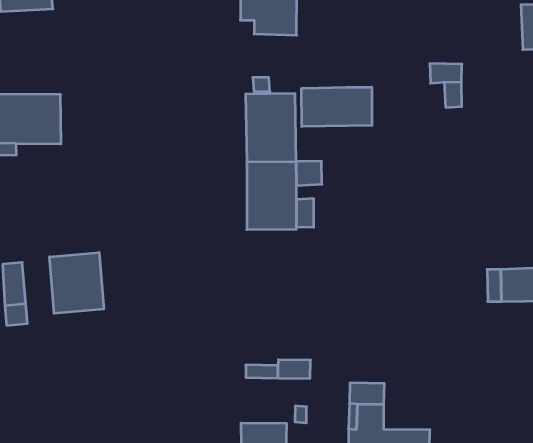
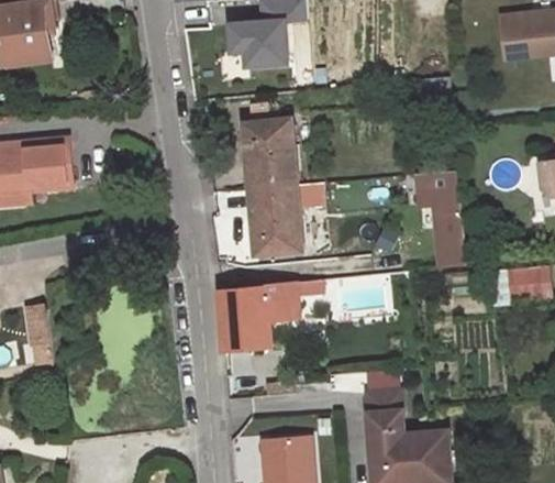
building: [302,87,372,127] -> none
building: none -> [414,169,465,270]
building: [50,252,104,313] -> none
building: none -> [221,281,322,351]

